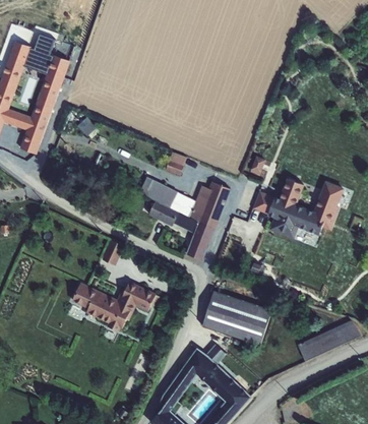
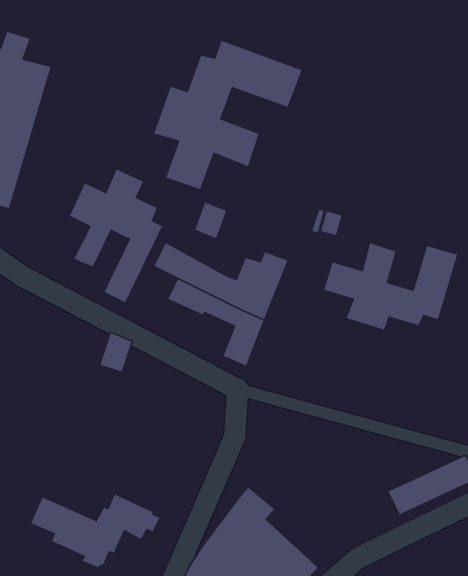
building: none -> [153,40,302,190]
building: none -> [69,169,163,303]
building: [72,282,161,332] -> [30,493,161,568]
building: [201,292,271,342] -> none

